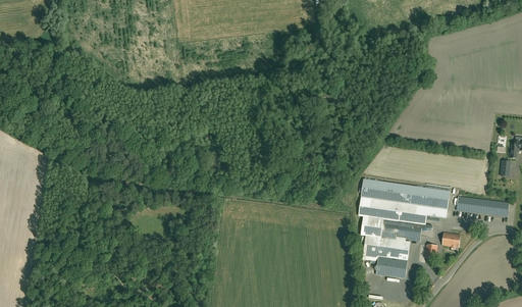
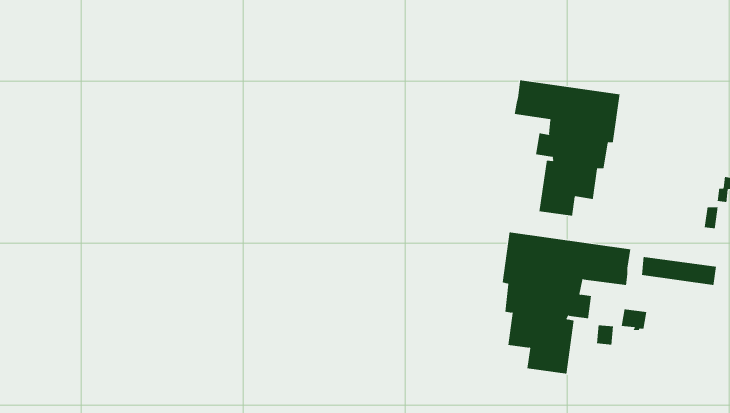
building: none -> [514,80,620,217]

